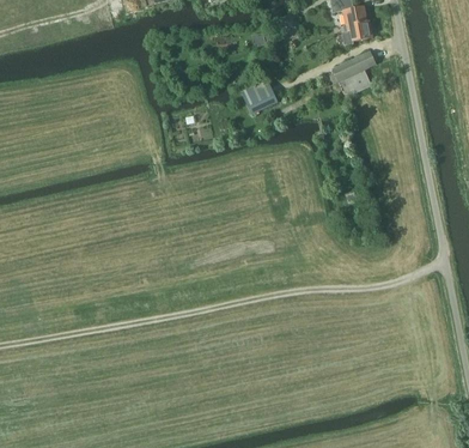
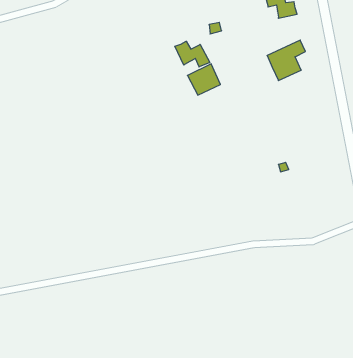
building: [341,19,372,44] -> none
building: none -> [175,41,210,67]

